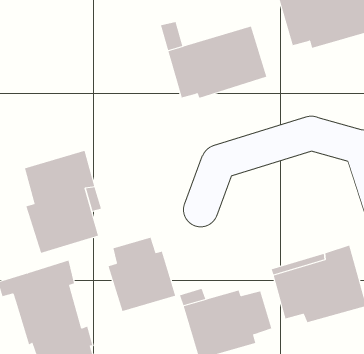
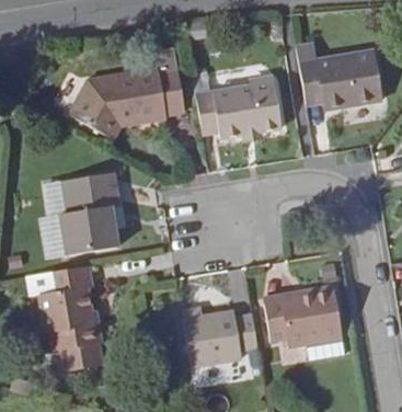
building: none -> [71,68,185,137]
building: [108,237,176,312] -> none

